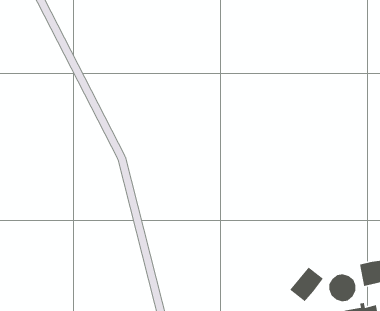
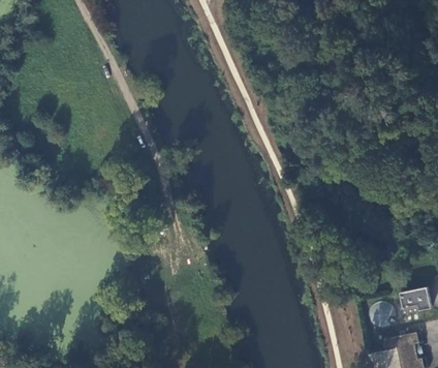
building: [289,267,324,302] -> none

